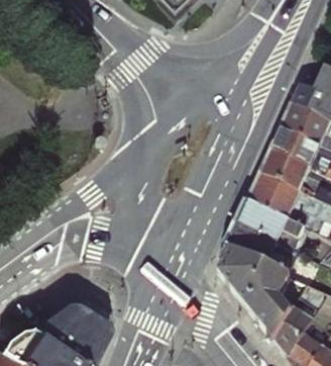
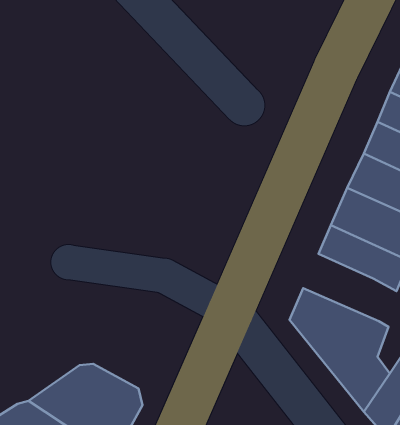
building: [226,221,288,271] -> none

